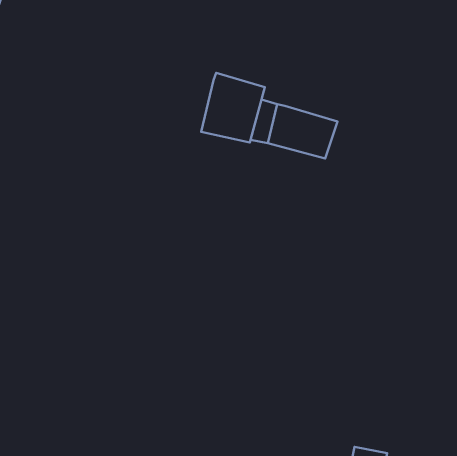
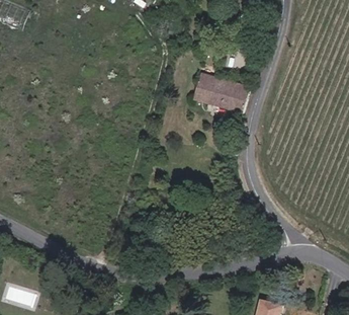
building: [201,73,265,143] -> none

